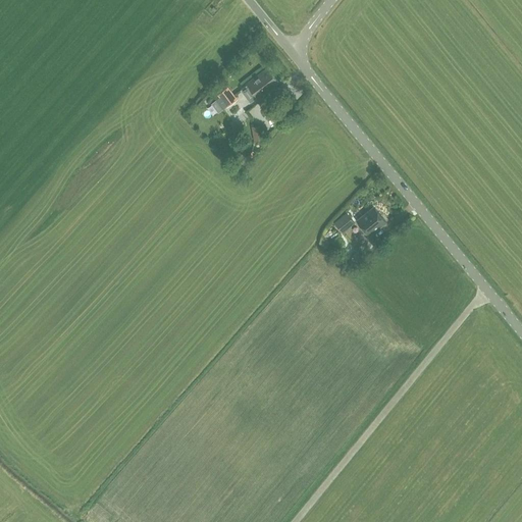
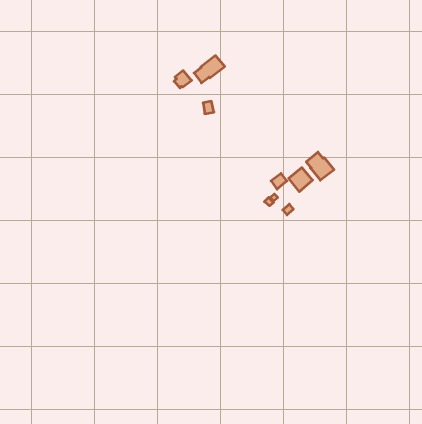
building: none -> [306,152,334,180]

